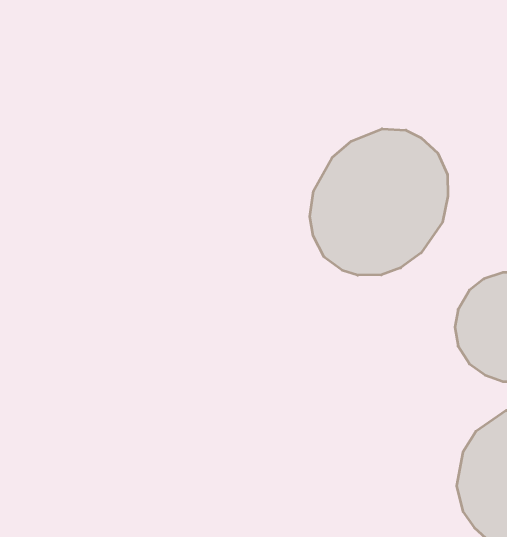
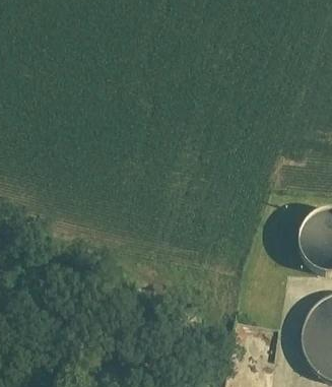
building: [310,129,448,275] -> none

